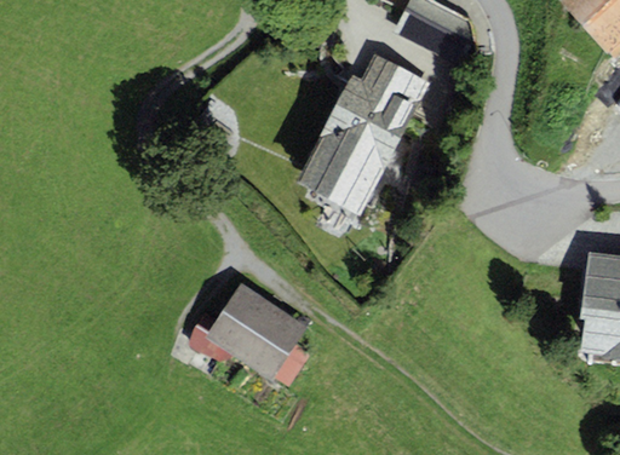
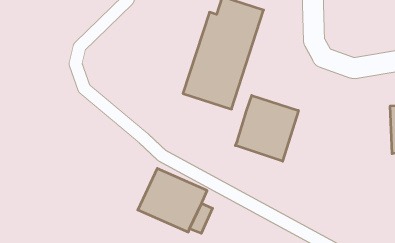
building: none -> [235,95,298,161]

